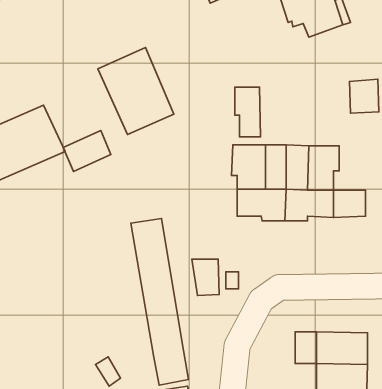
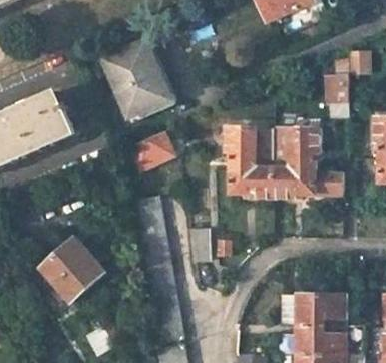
building: [235,87,260,137] -> none
building: [63,131,111,171] -> [127,130,169,166]
building: none -> [42,237,105,302]

